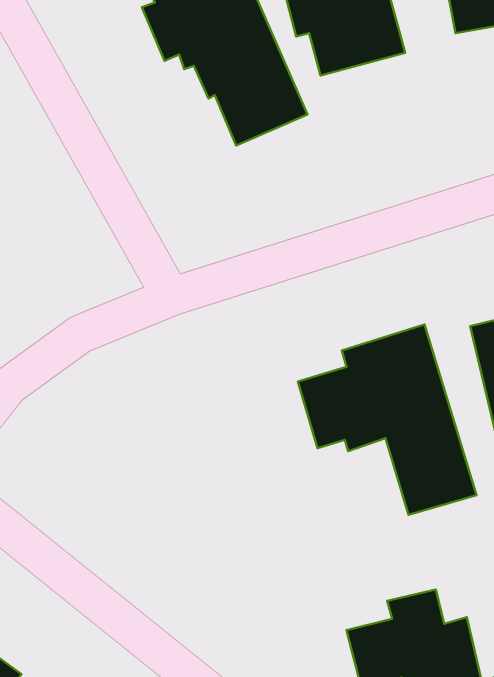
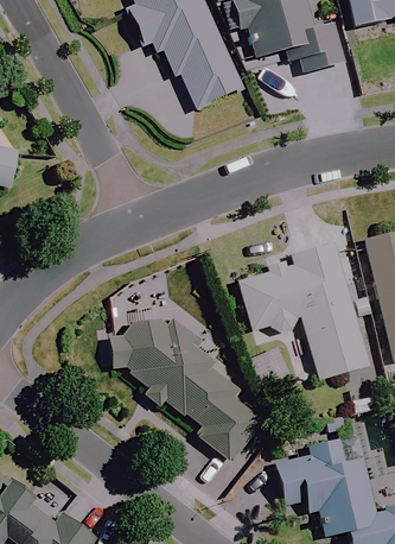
building: none -> [104,317,262,466]

